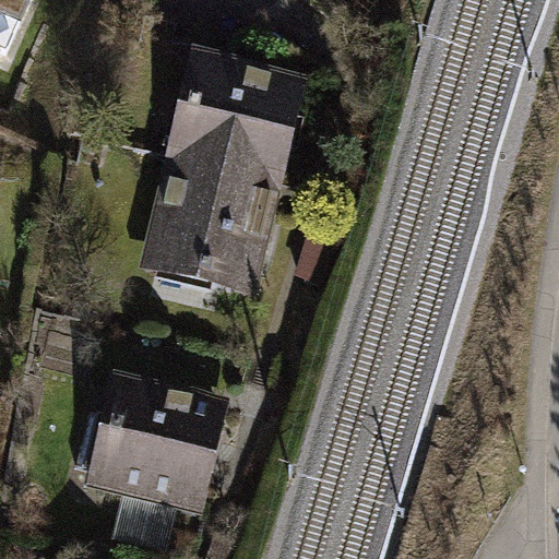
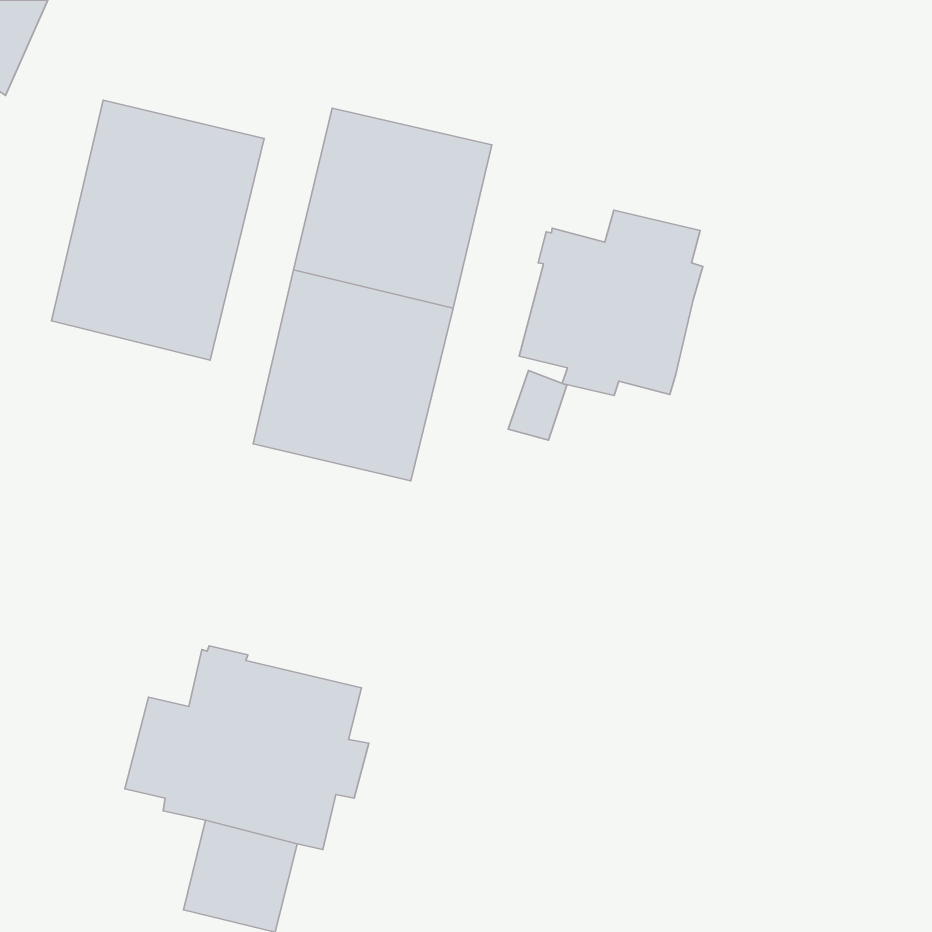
building: none -> [52,100,264,360]
building: none -> [519,210,703,395]

